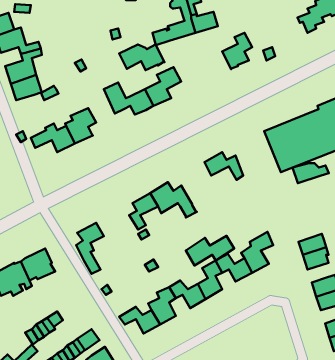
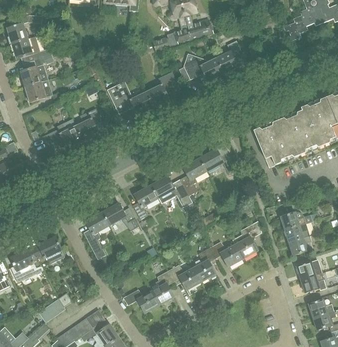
building: [119,45,164,70] -> [182,57,223,80]
building: none -> [178,157,205,195]
building: [292,163,329,183] -> [279,211,312,229]
building: none -> [101,202,138,230]
building: [186,236,234,265] -> none

